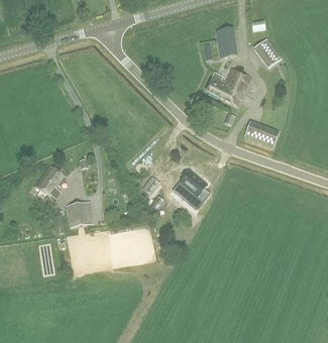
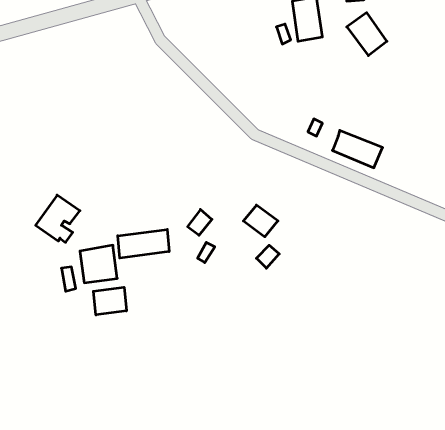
building: [205,68,250,105] -> none
building: none -> [118,229,169,258]
building: none -> [93,287,126,315]

